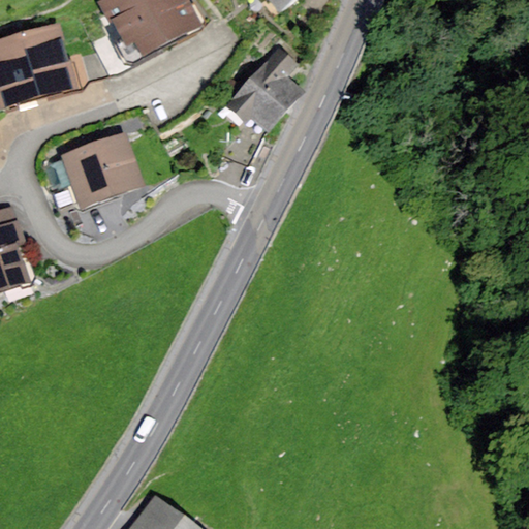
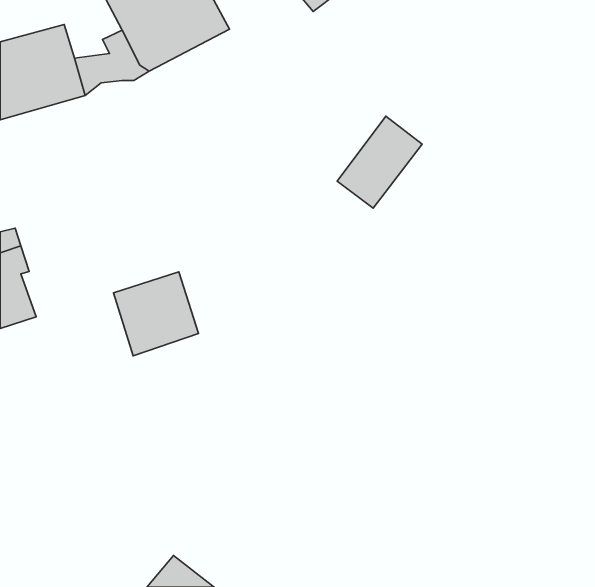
building: [227,45,303,127] -> [337,116,422,208]
building: [65,134,141,209] -> [113,272,198,356]

